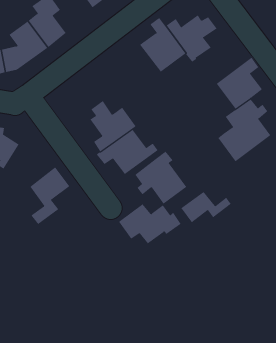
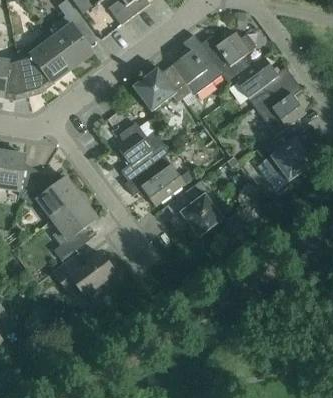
building: none -> [233,55,293,106]
building: none -> [131,64,196,111]
building: none -> [24,172,80,218]
building: [180,191,231,223] -> none
building: [118,204,182,244] -> [52,251,121,295]

